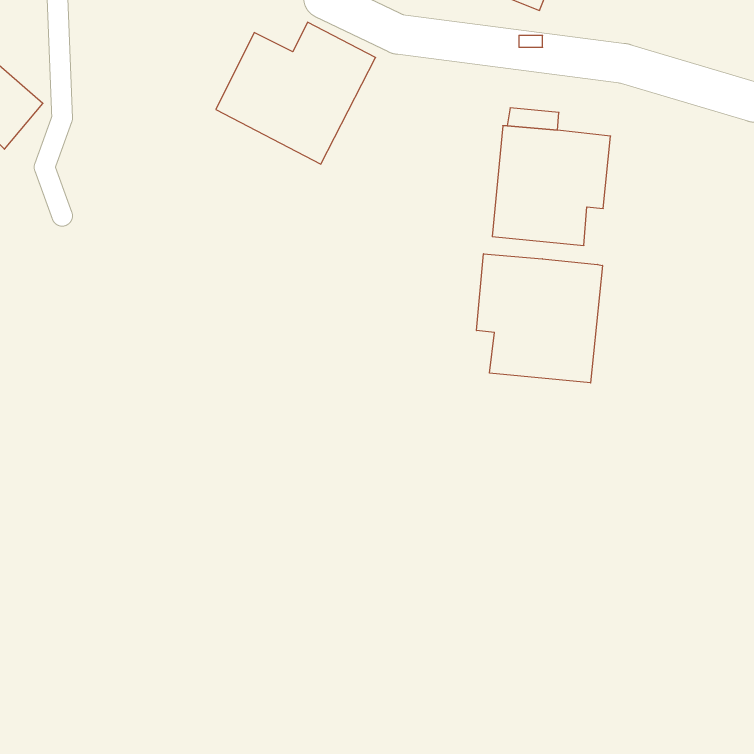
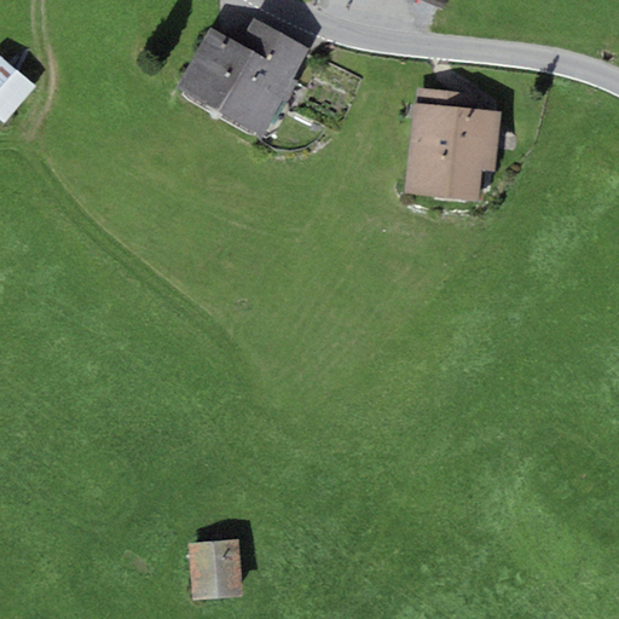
building: [477,254,602,383] -> none
building: none -> [196,549,250,608]

